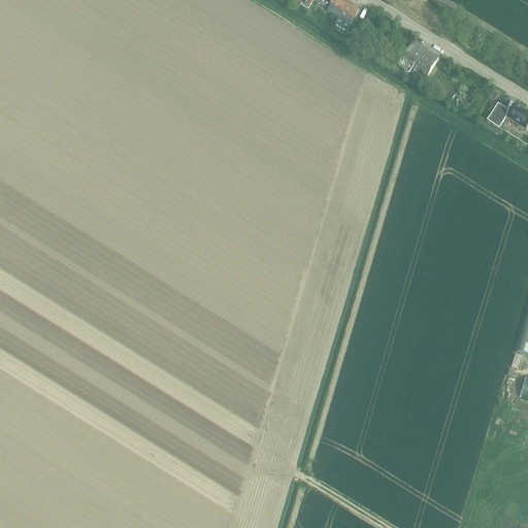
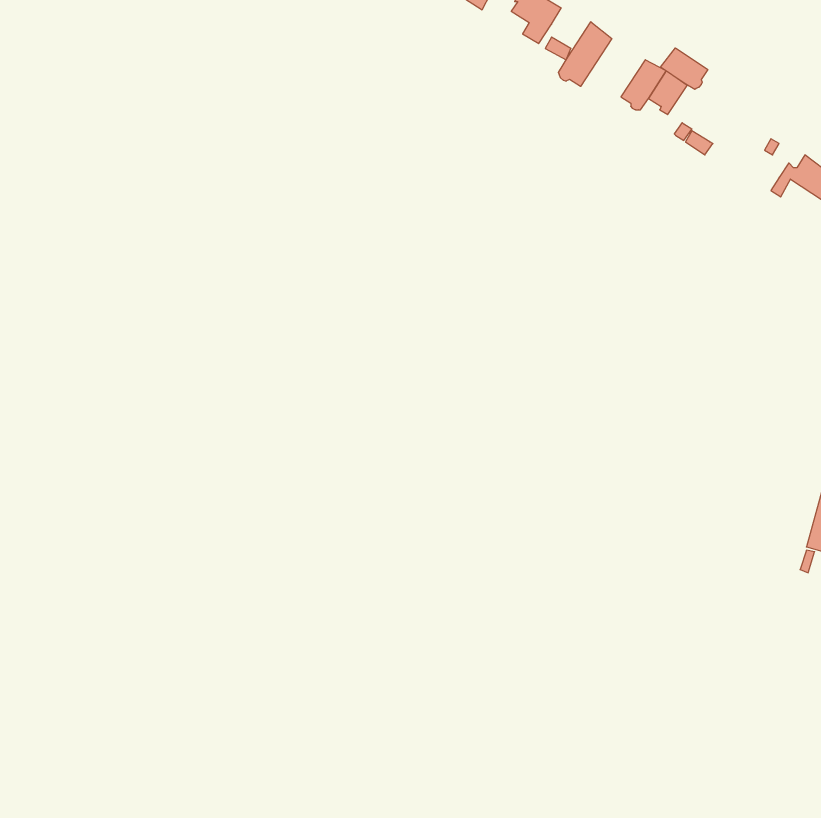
building: none -> [559,22,612,86]
building: none -> [661,48,708,89]

